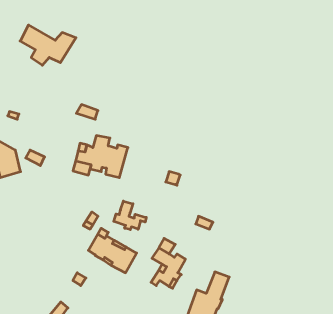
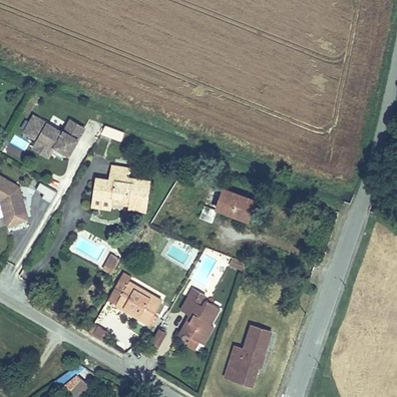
building: [20,25,76,65] -> [22,108,87,155]
building: none -> [216,189,256,221]
building: [114,201,146,230] -> none

